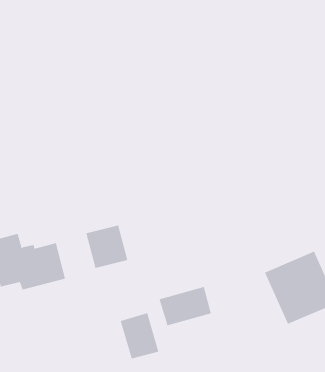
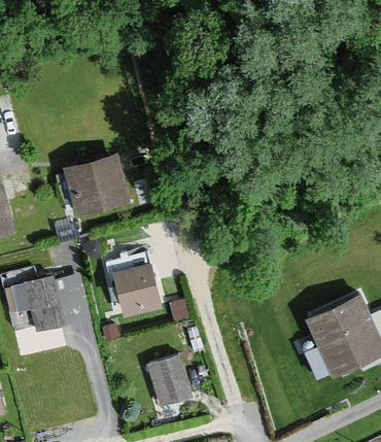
building: none -> [69,163,127,215]
building: [159,286,212,326] -> none

